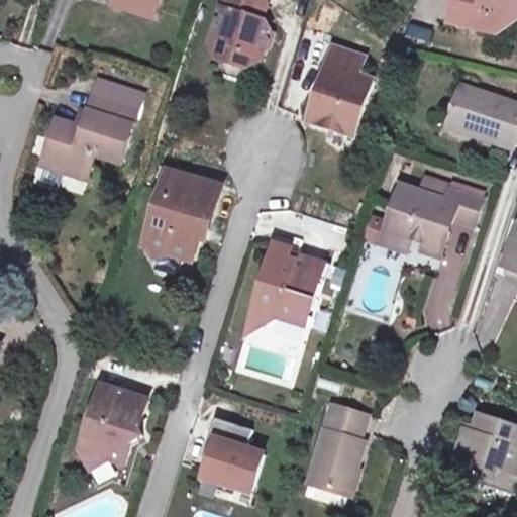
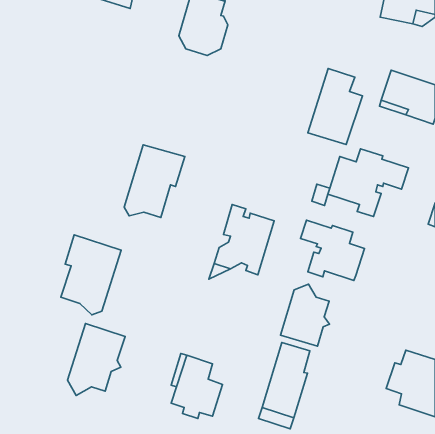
building: [308,44,373,134] -> [308,68,363,145]
building: [43,80,141,173] -> none
building: none -> [301,220,365,280]
building: none -> [61,235,121,315]
building: none -> [280,284,329,346]

